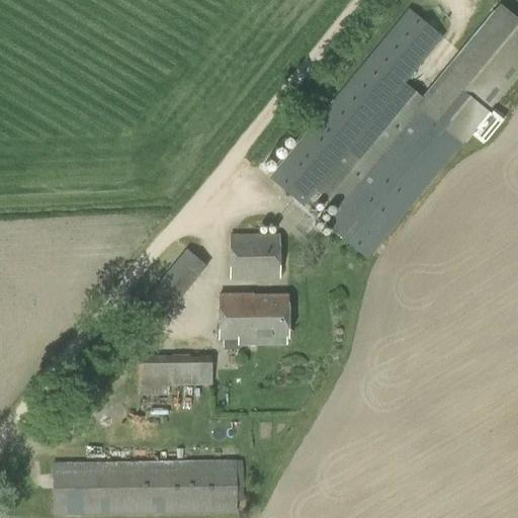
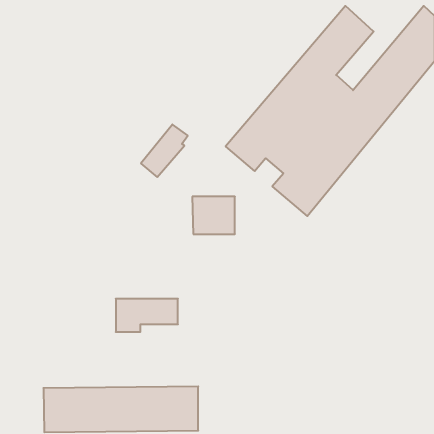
building: [149,249,204,312] -> [141,124,188,177]
building: [220,295,288,344] -> none

